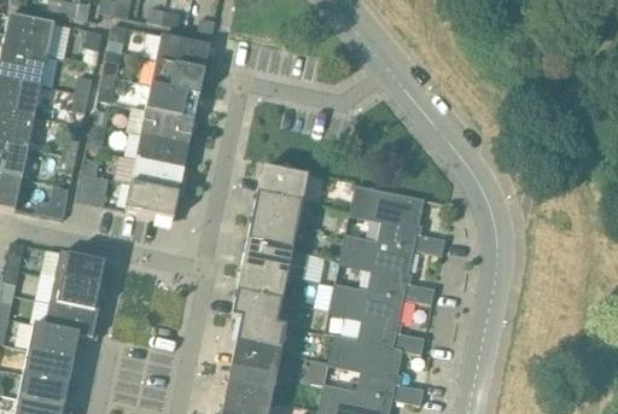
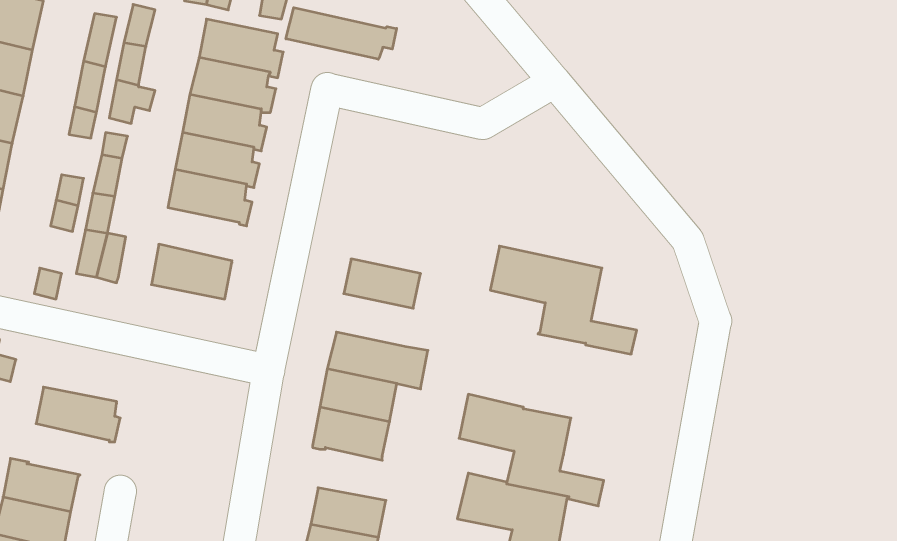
building: none -> [286,8,397,59]
building: [129,158,185,194] -> none
building: [256,167,308,202] -> none
building: [246,215,297,250] -> none
building: [338,232,433,303] -> none
building: [53,251,110,288] -> none
building: [42,301,99,339] -> none
building: [234,316,285,351] -> none

